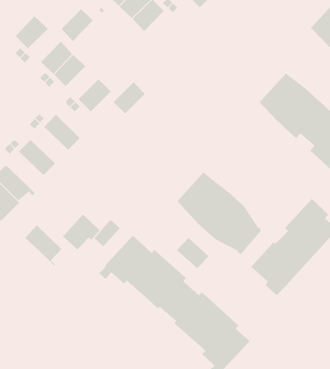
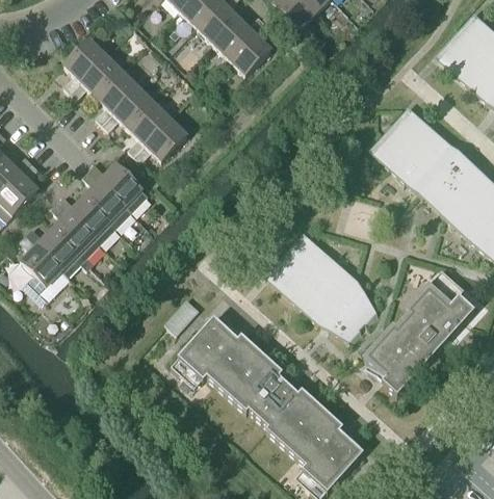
building: [61,8,93,42] -> [80,54,122,97]
building: none -> [228,31,270,74]
building: [113,82,146,114] -> [128,102,170,143]
building: none -> [83,179,131,226]
building: [62,214,101,250] -> none
building: [25,225,62,266] -> [52,210,100,263]
building: [176,237,209,269] -> none

